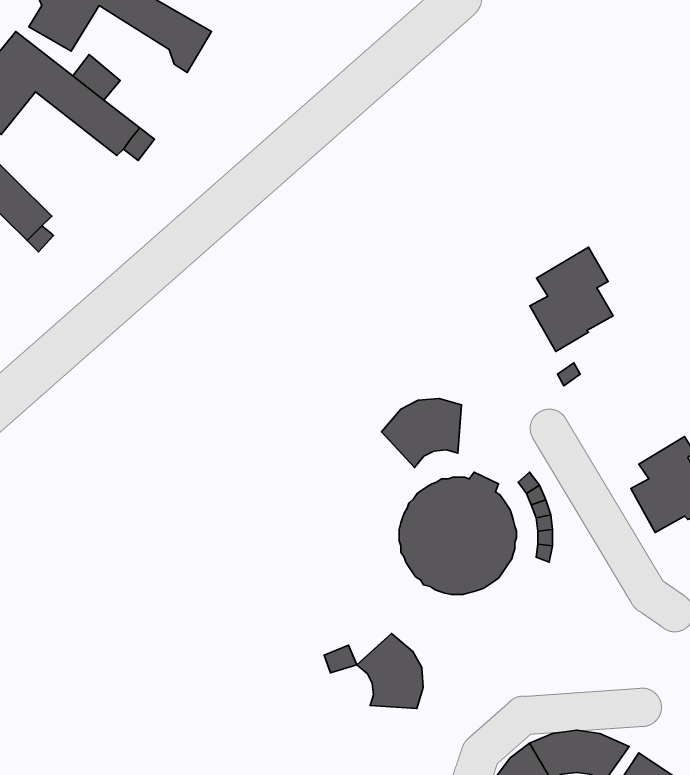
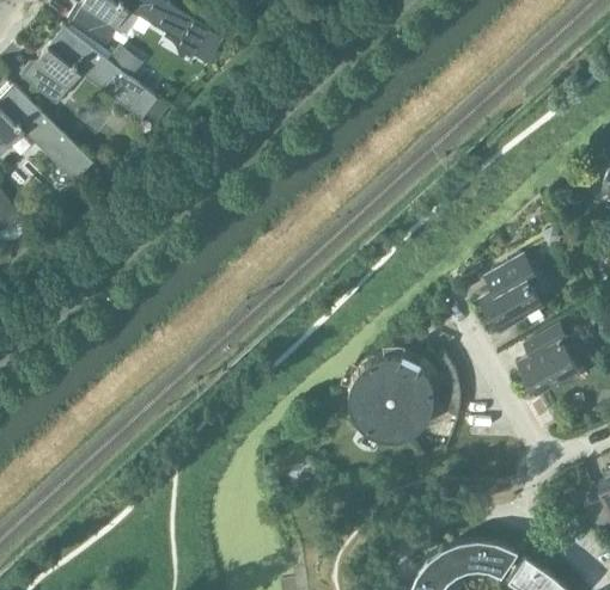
building: [530,247,613,352] -> [481,254,542,331]
building: [382,398,461,467] -> none
building: [357,634,423,709] -> none

